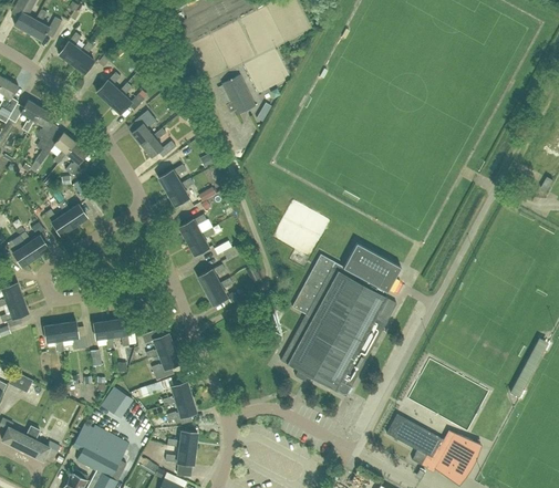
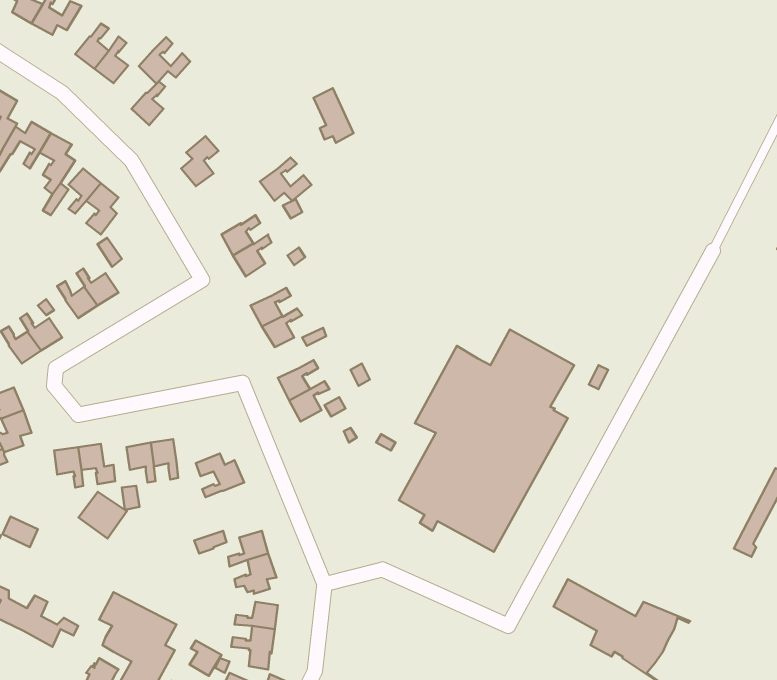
building: [108,82,144,114] -> [139,37,190,84]
building: [141,127,176,157] -> [260,157,311,201]
building: [151,347,179,380] -> none
building: [100,386,133,418] -> [78,492,127,539]

